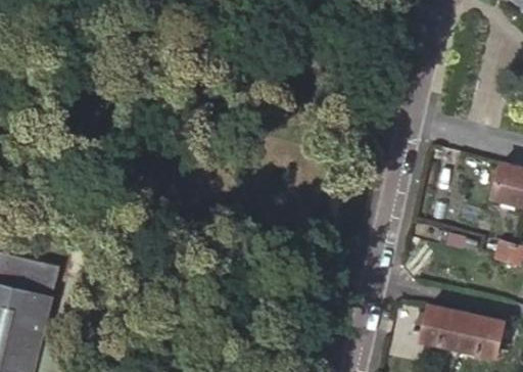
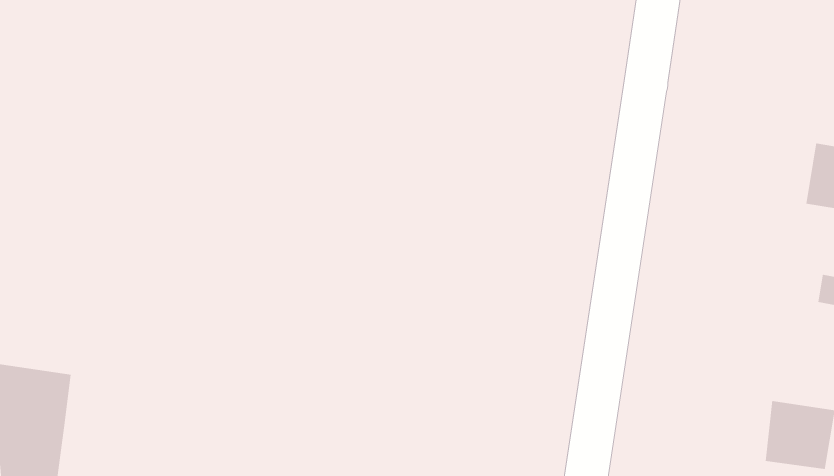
building: [418,306,464,350] -> none

